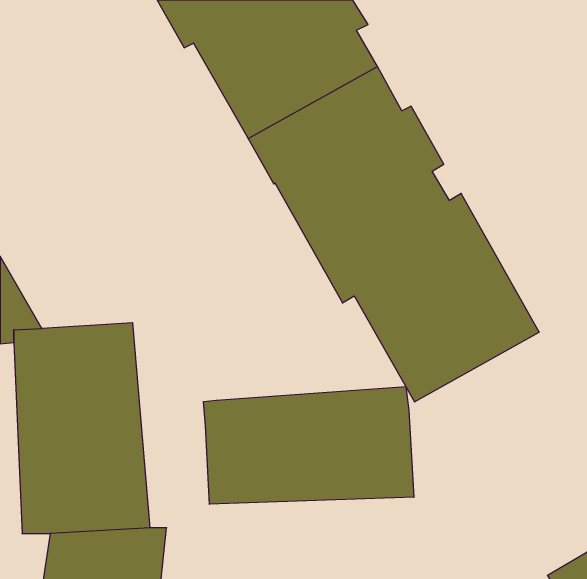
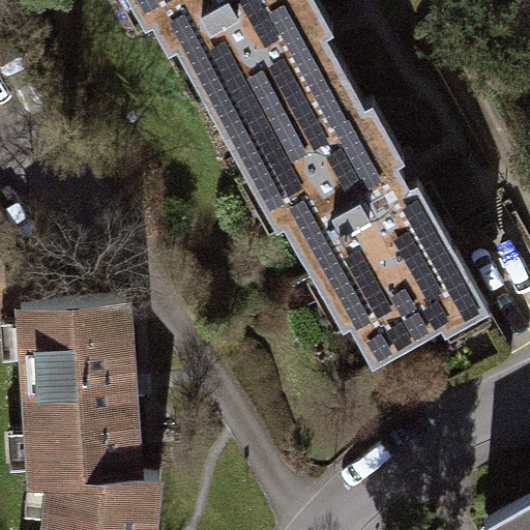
building: [204,387,414,504] -> none

